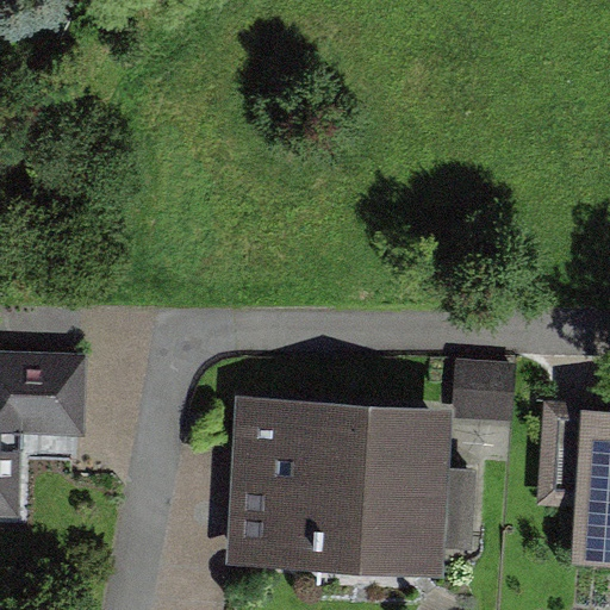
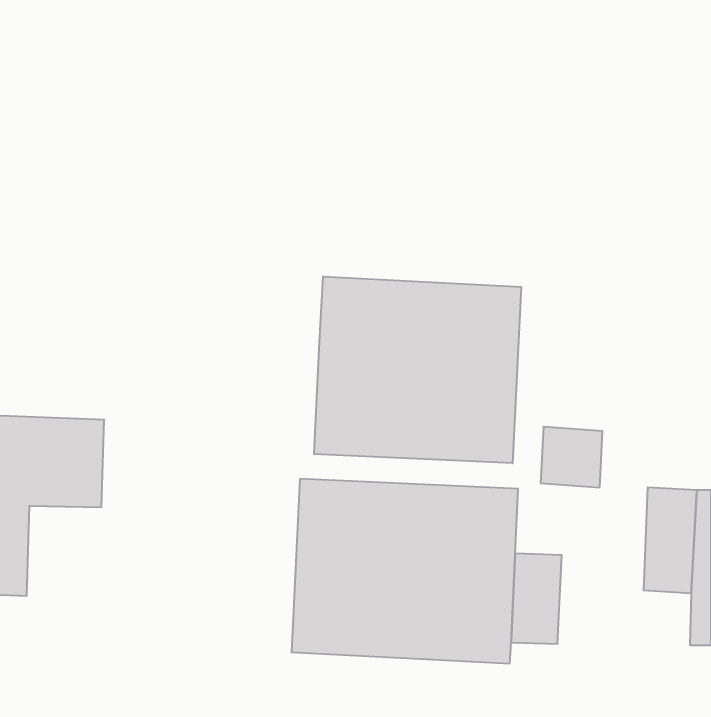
building: none -> [314,276,521,463]

